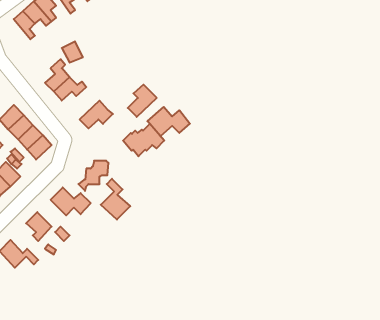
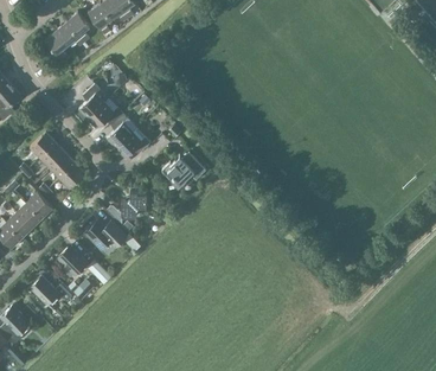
building: [128,85,157,117] -> [105,113,136,147]
building: [147,107,190,136] -> none
building: [101,179,130,220] -> none

